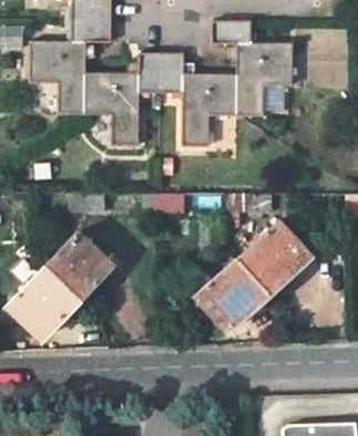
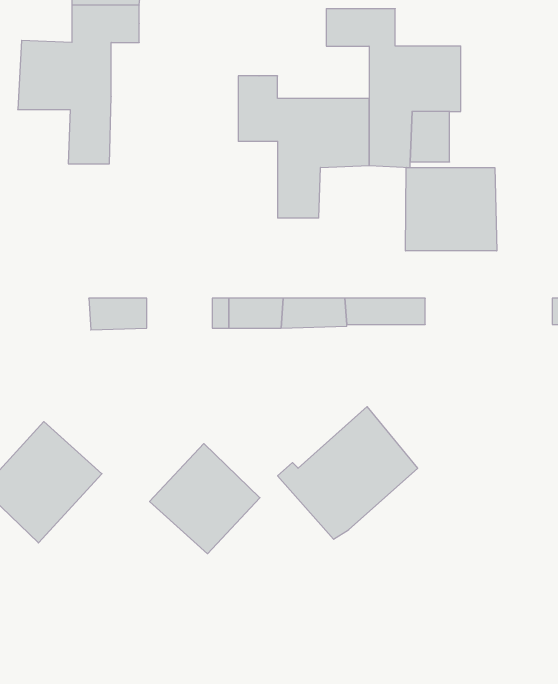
building: [84,61,161,145] -> none
building: none -> [406,167,497,251]
building: [237,221,310,293] -> none
building: [45,231,111,297] -> [150,444,260,554]

